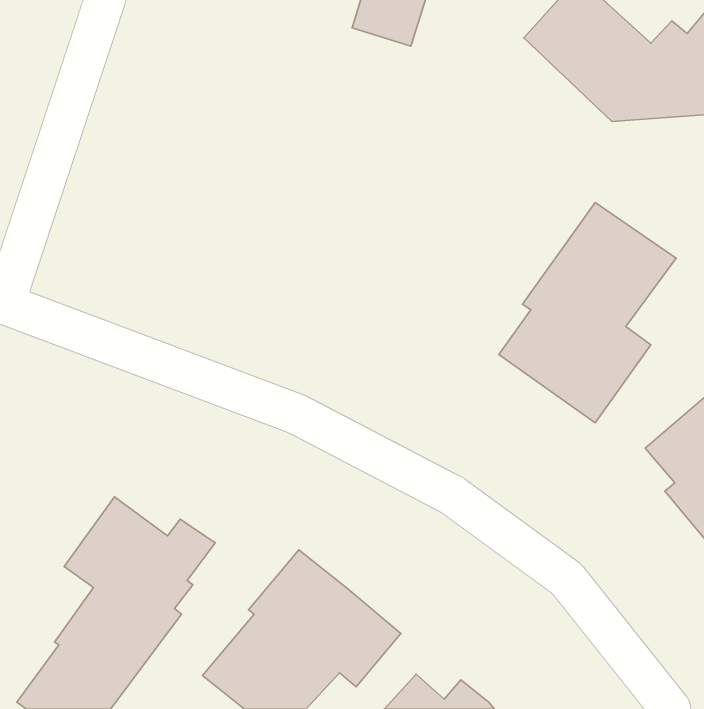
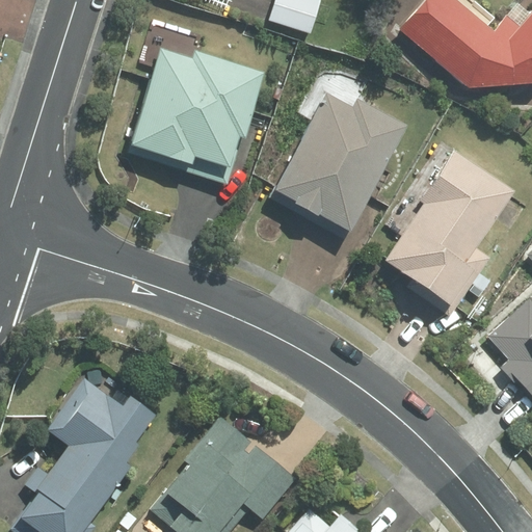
building: none -> [124,47,265,186]
building: none -> [267,89,406,239]

